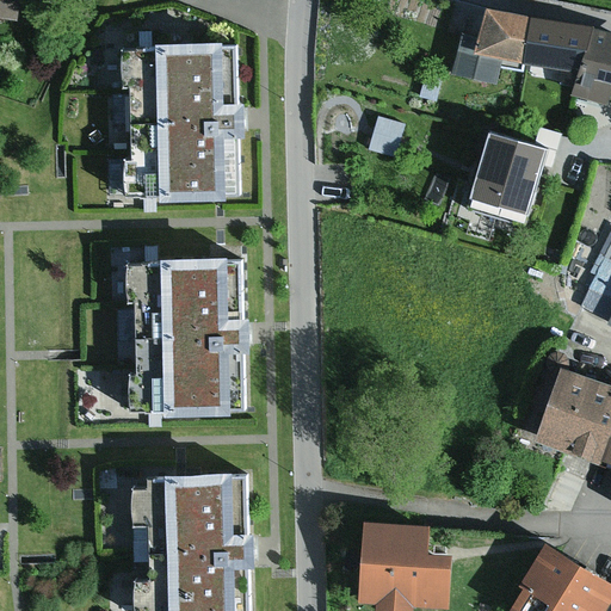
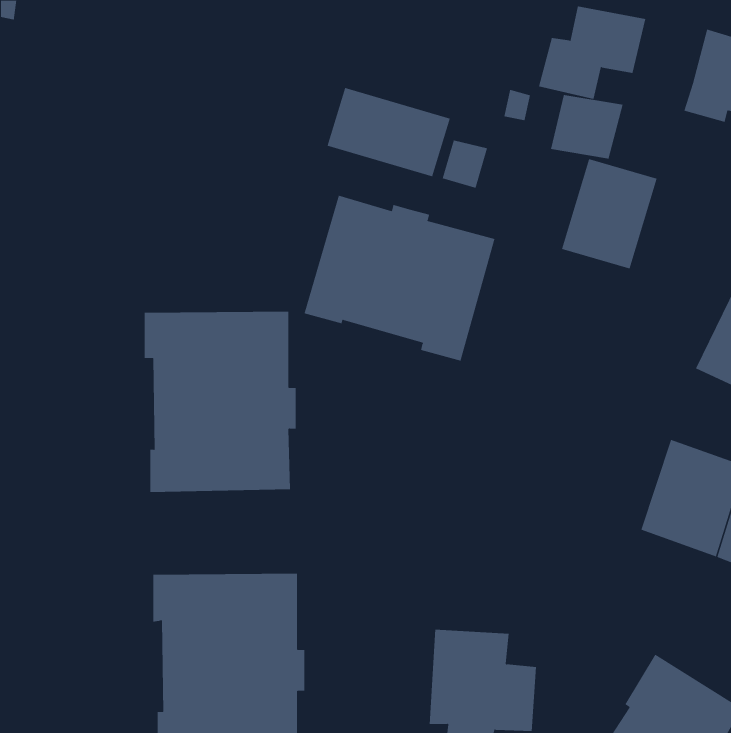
building: [529,18,590,72] -> [550,94,624,159]
building: [118,42,246,193] -> none
building: none -> [327,87,450,177]
building: none -> [304,195,495,361]

